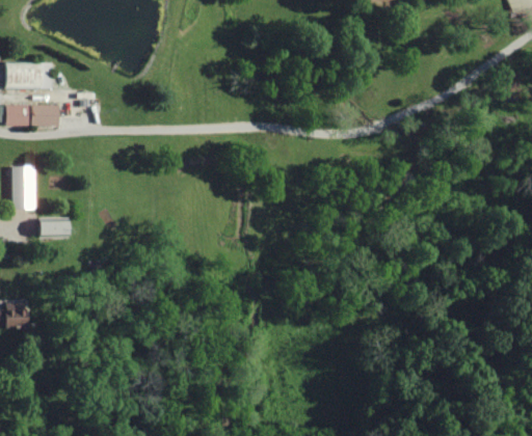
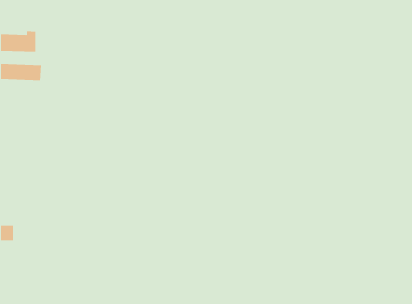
building: [12,166,35,210] -> none
building: [37,218,69,238] -> none

